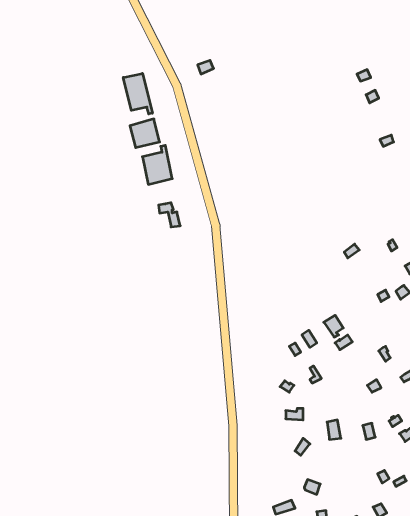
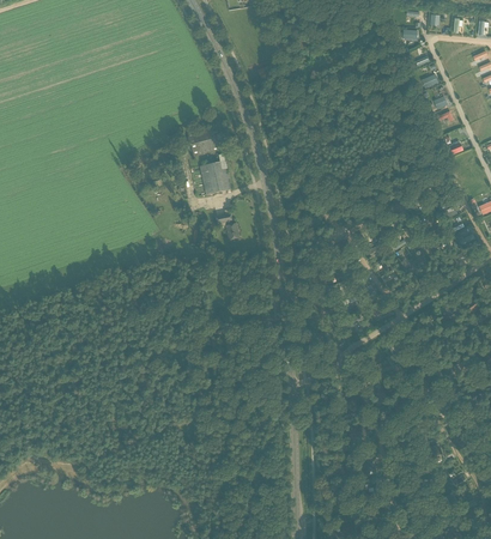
building: [123,73,152,114] -> none

